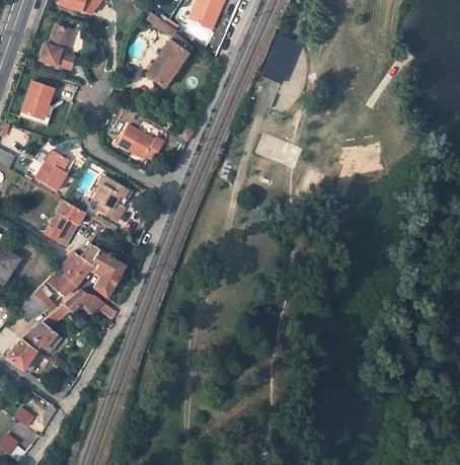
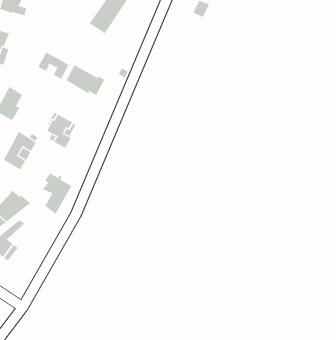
building: none -> [38,52,69,79]
building: [59,244,99,285] -> none
building: [64,289,117,316] -> none

